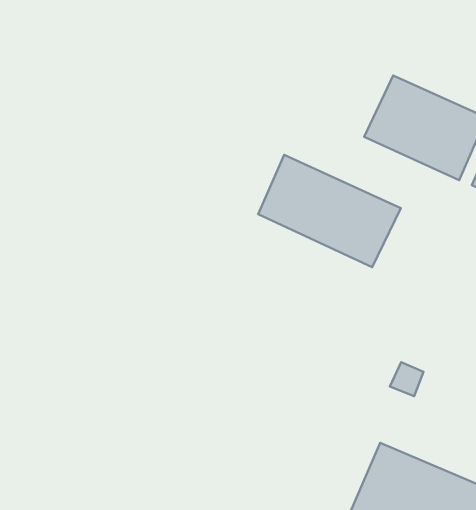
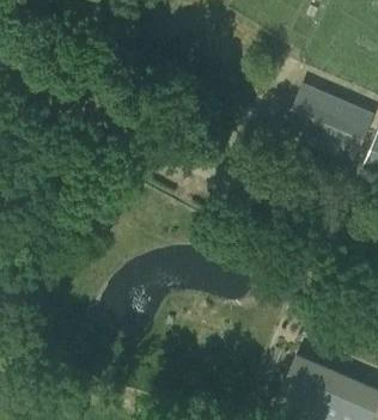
building: [258,155,401,267] -> none

